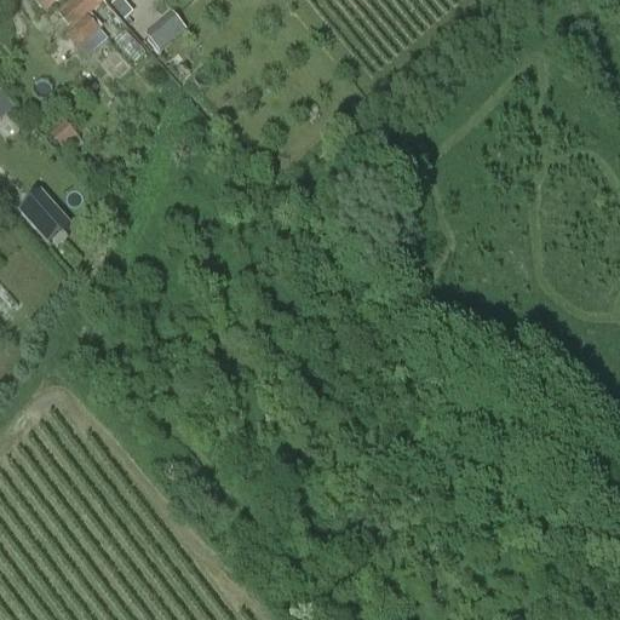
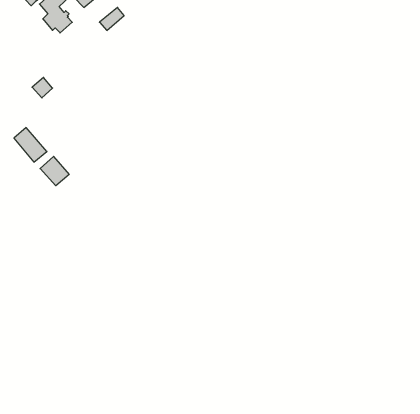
building: none -> [40,156,69,186]

